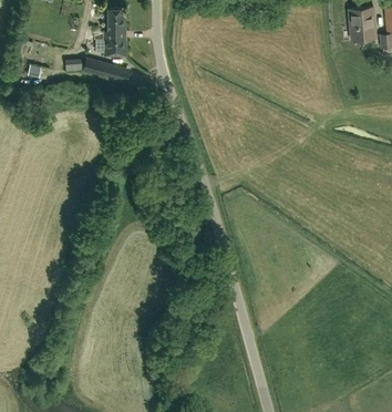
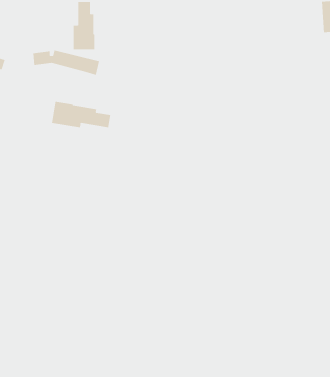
building: none -> [51,101,111,128]

